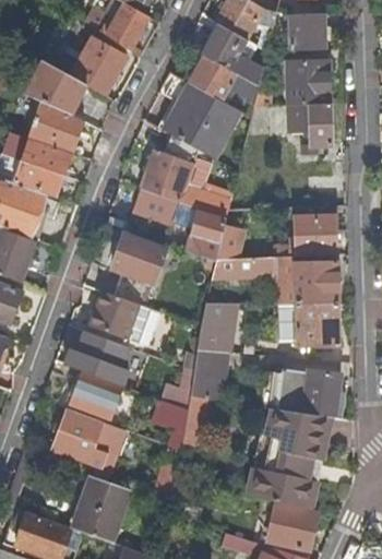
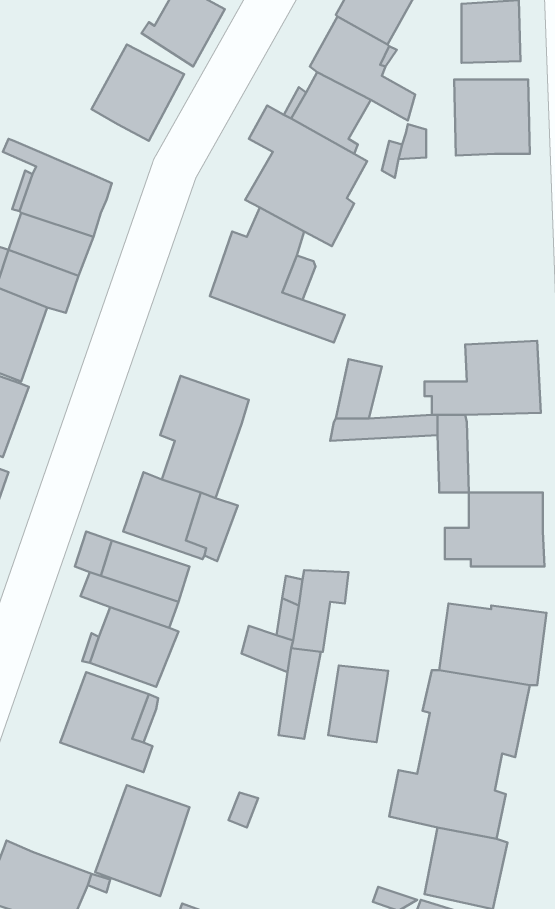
building: [26,62,87,116] -> none
building: [300,104,332,155] -> none
building: [133,188,179,226] -> none
building: [188,211,225,262] -> none
building: [294,262,338,304] -> none
building: [198,305,236,352] -> none
building: none -> [328,665,388,742]

